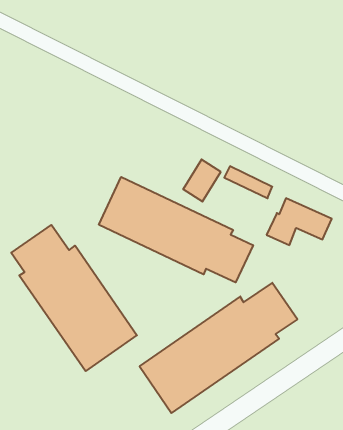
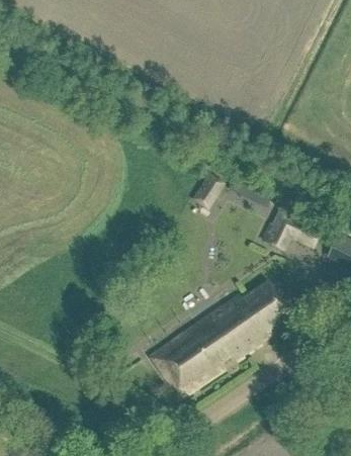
building: [99,177,253,282] -> none
building: [11,225,137,371] -> none

